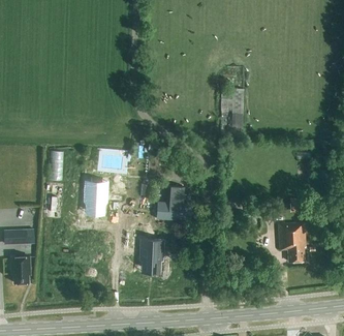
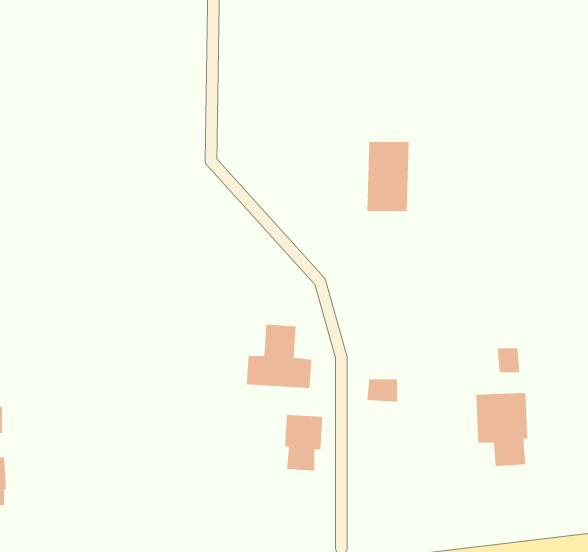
building: [88,182,107,211] -> none
building: [142,240,162,270] -> [284,415,323,471]

